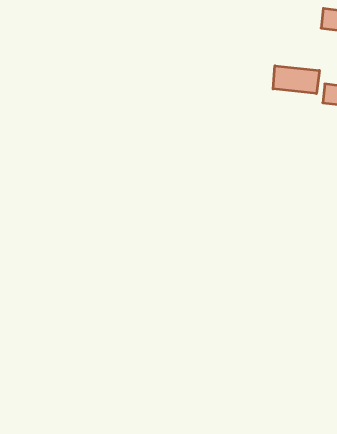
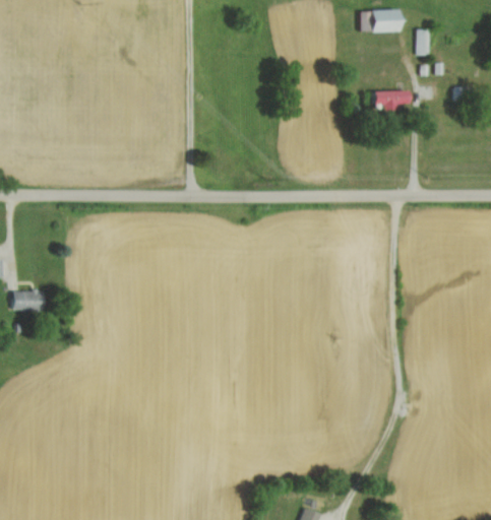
building: [273,66,319,94] -> none

